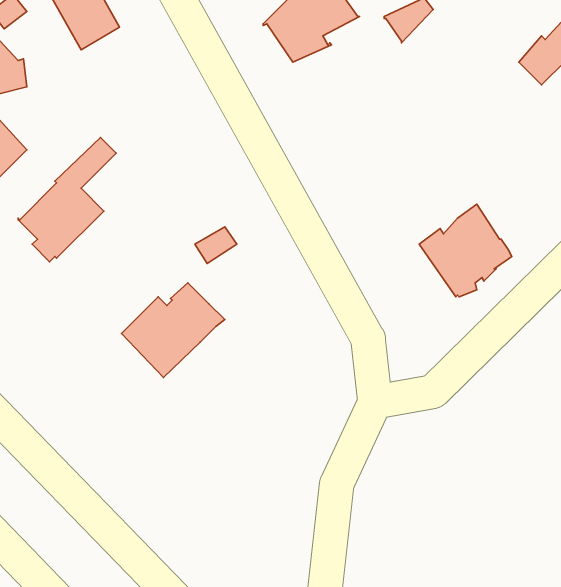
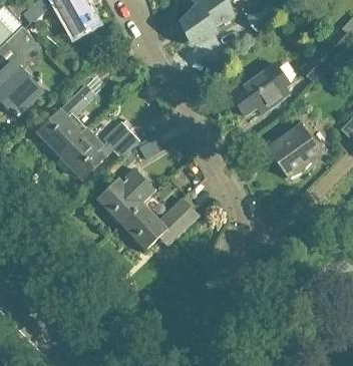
building: none -> [231,64,289,115]
building: none -> [105,122,139,157]
building: none -> [58,128,110,179]
building: none -> [121,199,199,249]

